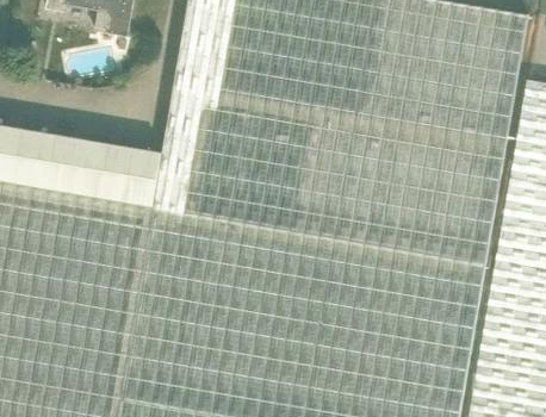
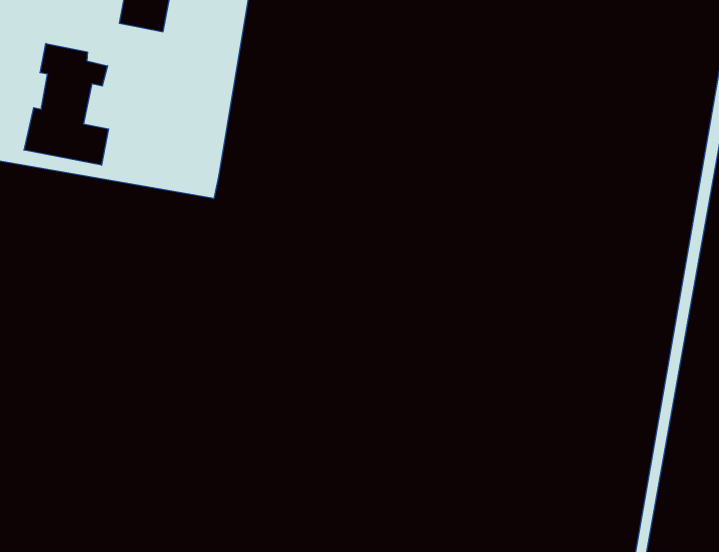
building: none -> [24,43,109,165]

